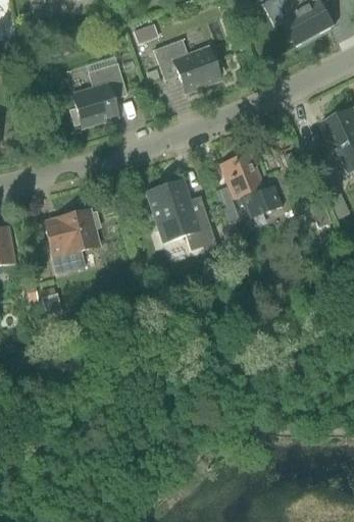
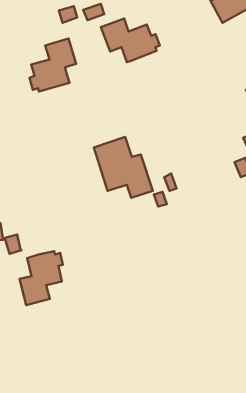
building: [218,151,280,217] -> none
building: [47,209,98,272] -> [19,251,63,305]

